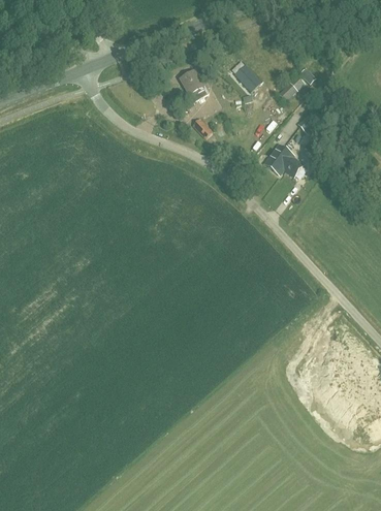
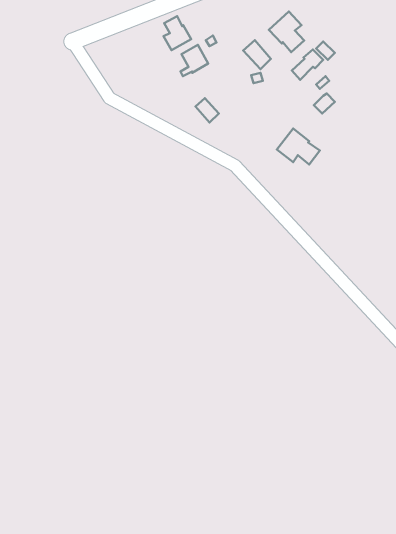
building: none -> [269,11,304,52]
building: none -> [164,16,191,50]

